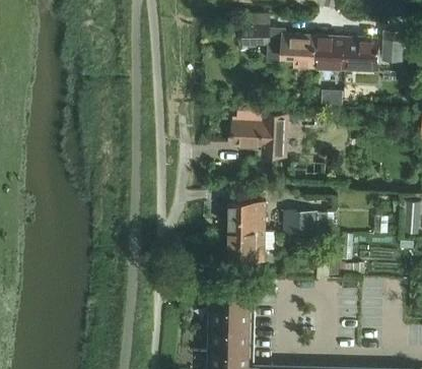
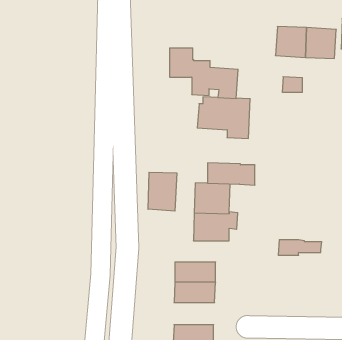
building: [244,14,316,67] -> [170,48,238,98]
building: none -> [148,172,177,211]
building: [284,210,334,234] -> [208,163,255,185]
building: [208,327,251,351] -> none

